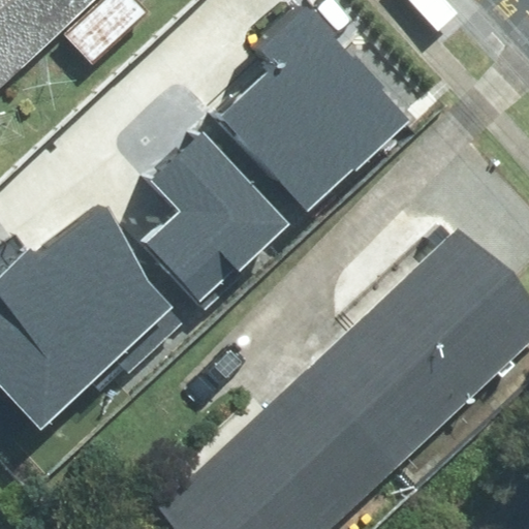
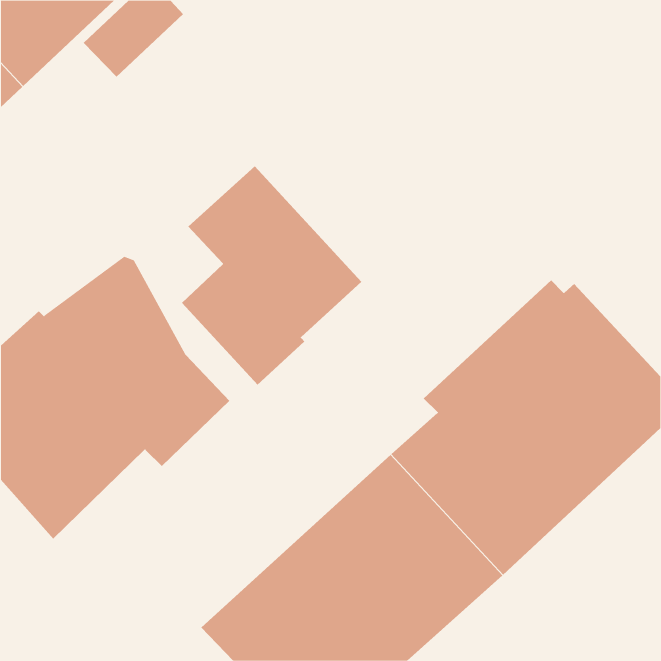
building: [219,7,407,212] -> none

